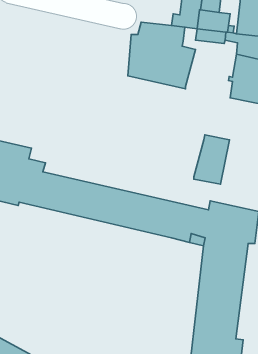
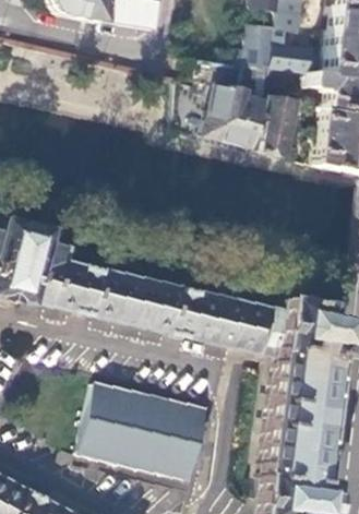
building: [194,135,229,184] -> [252,89,299,155]
building: none -> [77,382,207,478]

